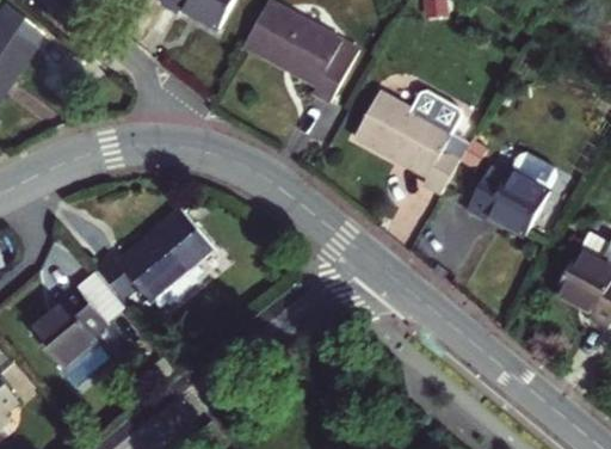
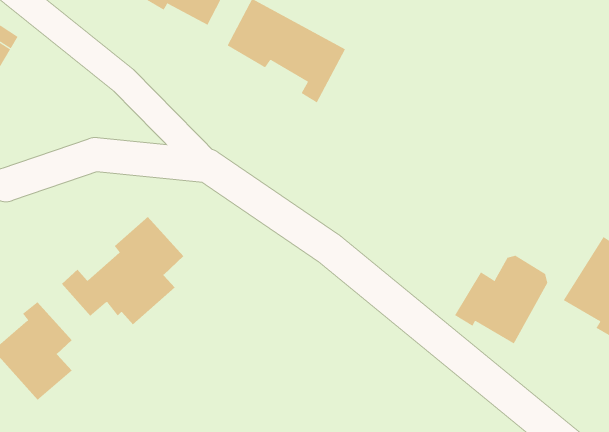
building: [353,93,468,195] -> none
building: [471,149,561,234] -> [454,255,548,344]
building: [63,270,118,326] -> none

